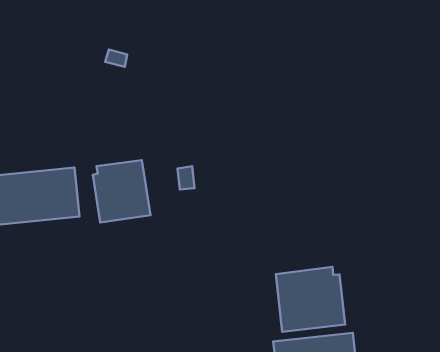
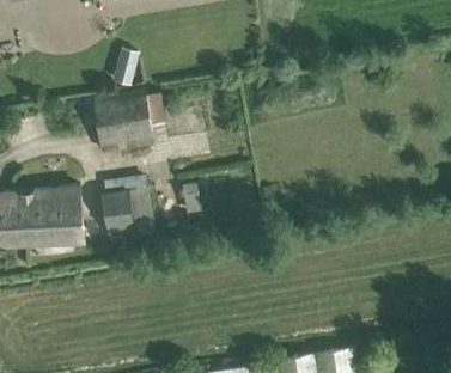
building: none -> [90,93,165,153]
building: [276,267,345,332] -> none

